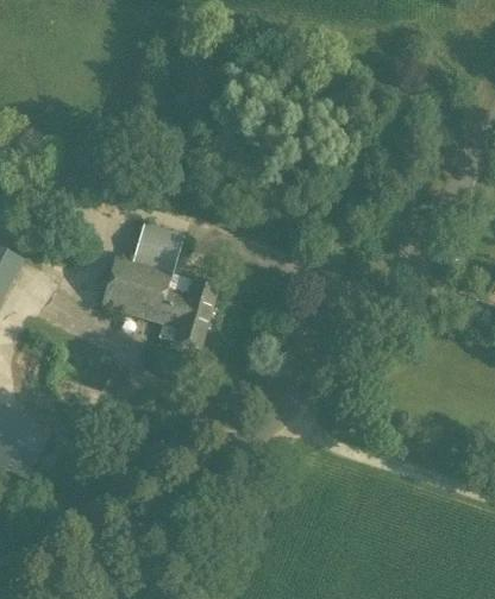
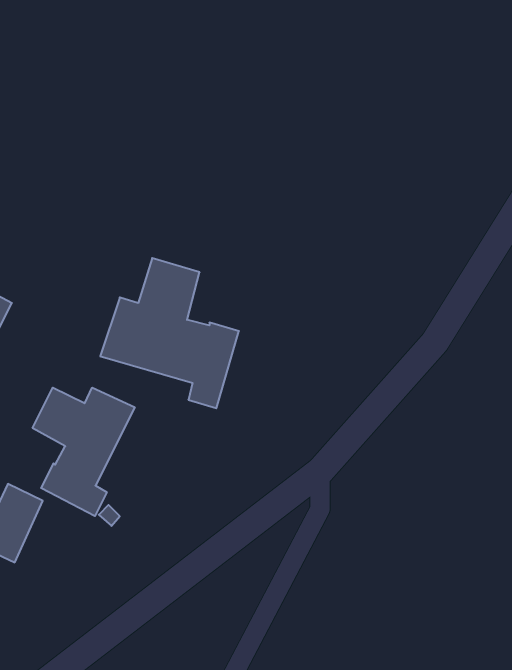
building: none -> [33,388,135,516]

